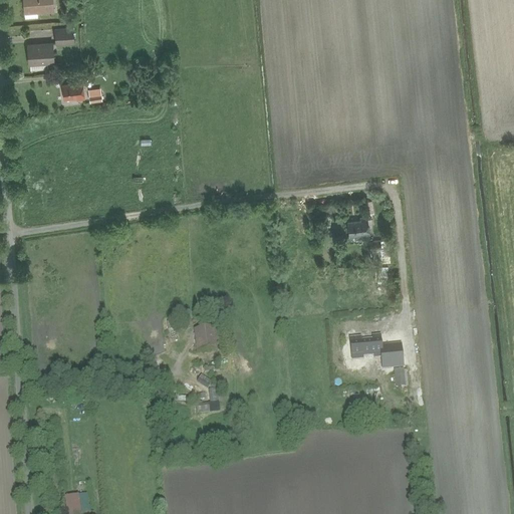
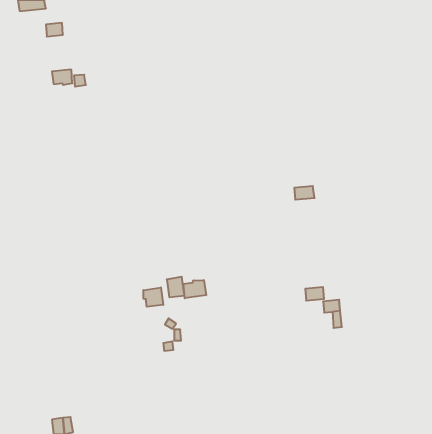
building: [26,42,56,64] -> none
building: none -> [183,280,206,298]
building: none -> [143,287,163,307]

